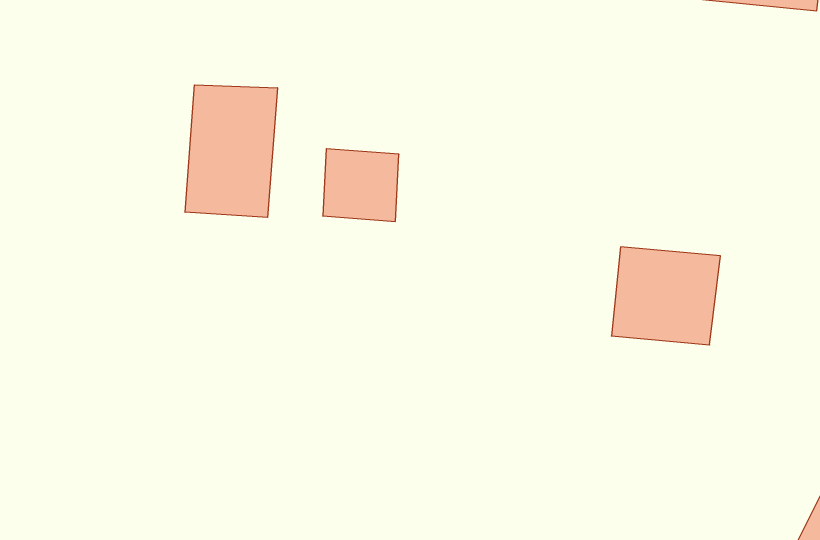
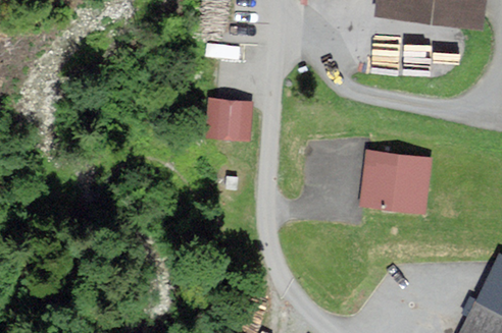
building: [185,85,277,217] -> none

